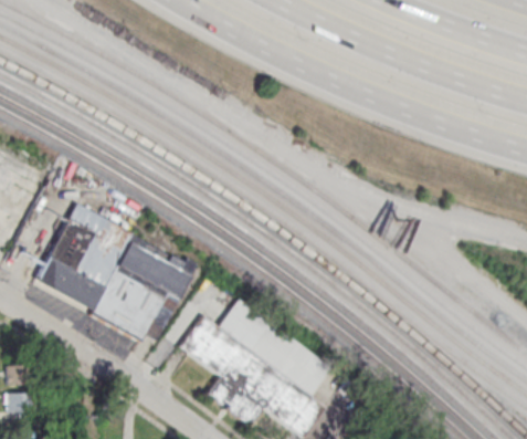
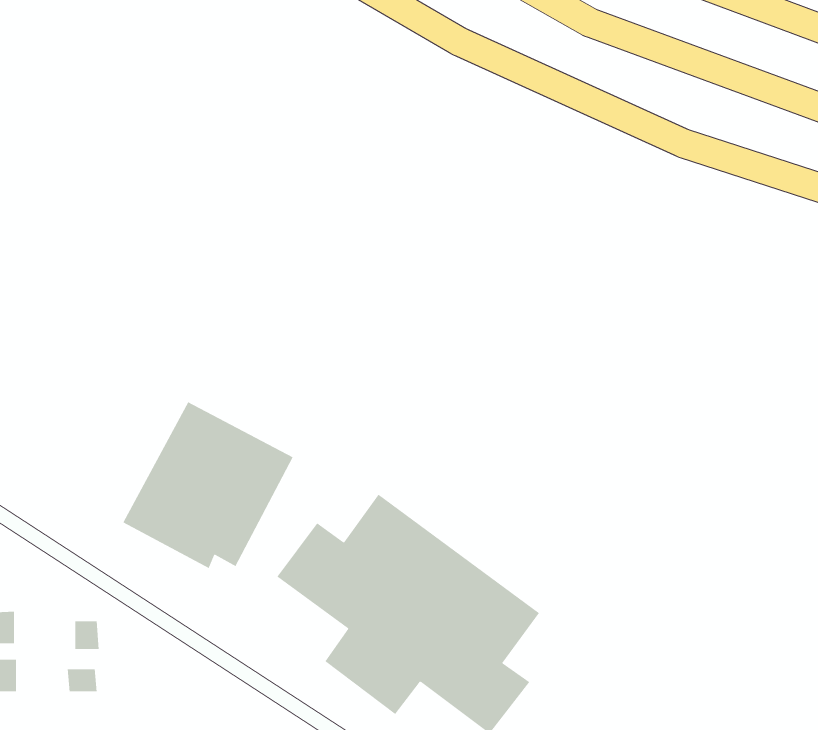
building: [34,202,133,311] -> none

